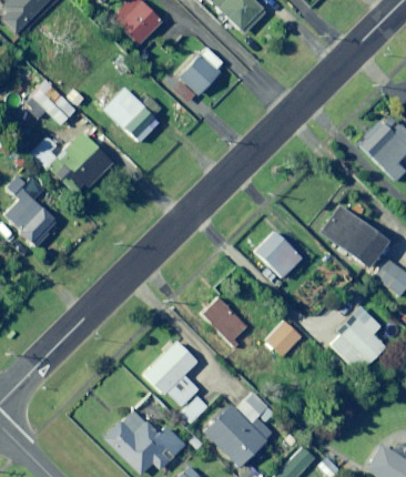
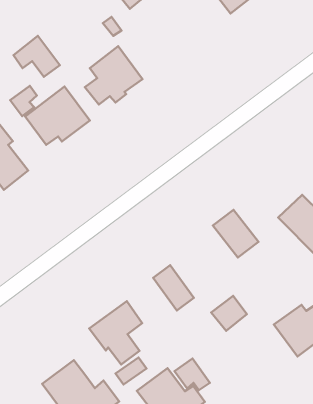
building: [174,53,221,102] -> none

